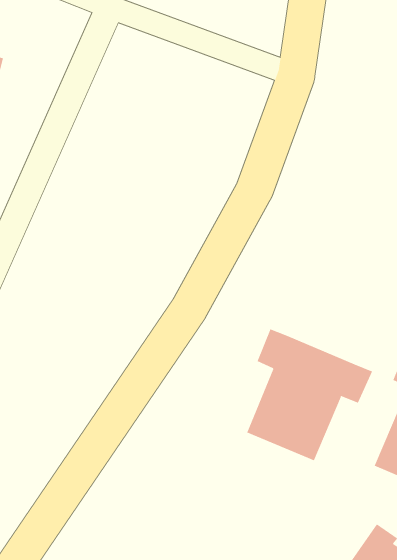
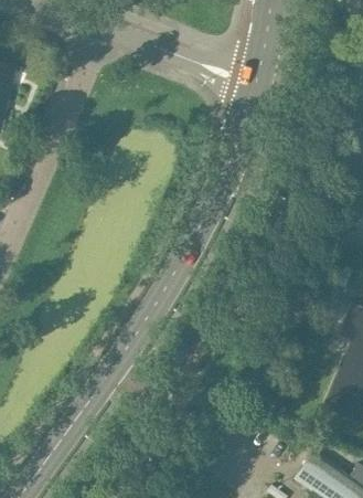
building: [247,328,373,461] -> none

